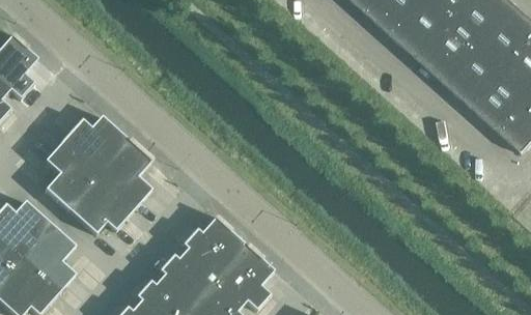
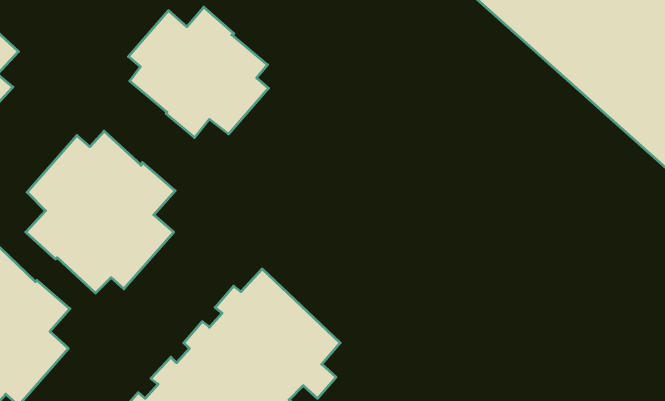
building: none -> [128,7,269,138]

